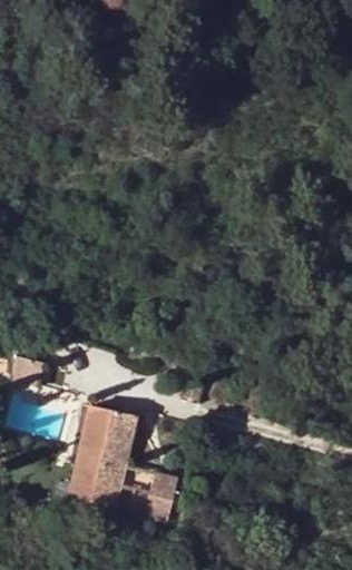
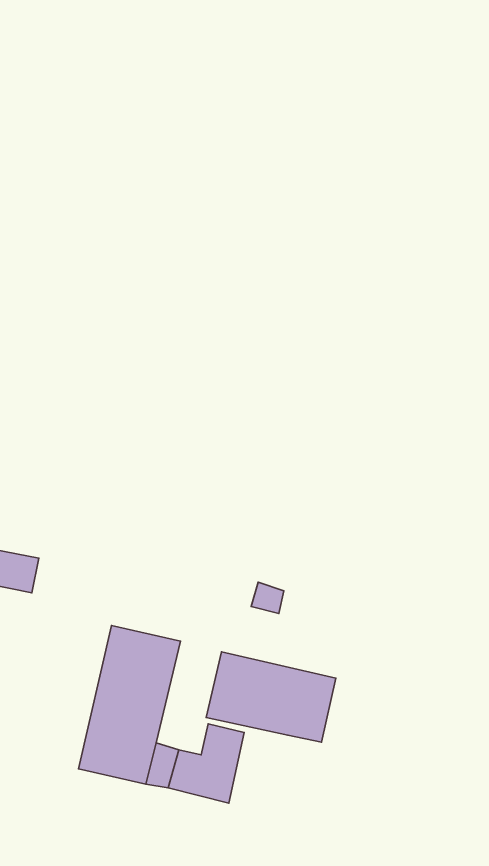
building: none -> [206,652,336,742]

